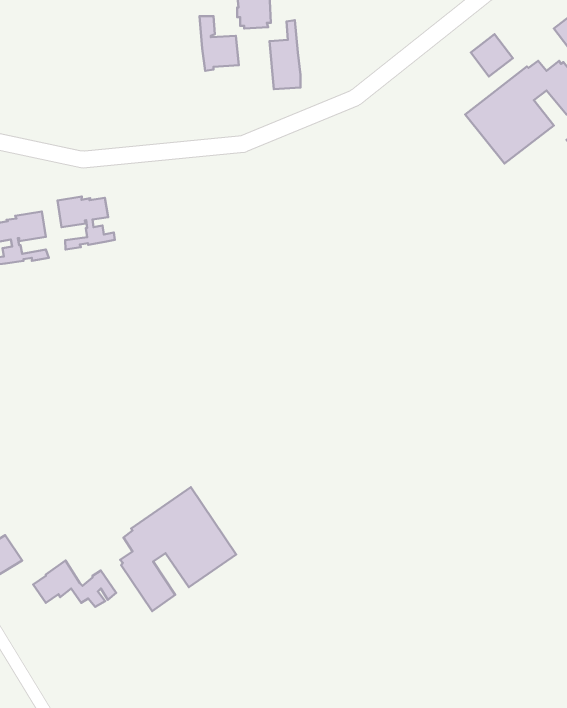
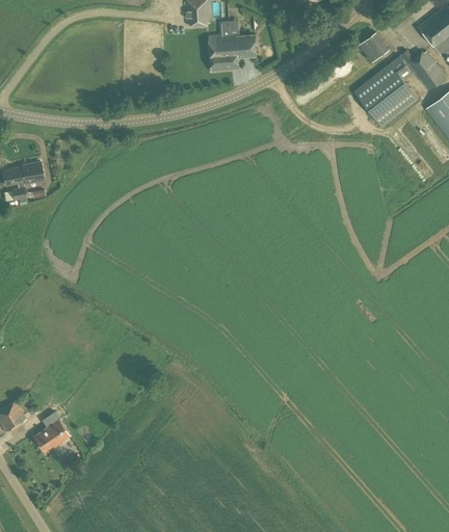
building: [199,16,239,71] -> [227,20,256,60]
building: [57,197,115,250] -> none
building: [120,487,236,611] -> none

